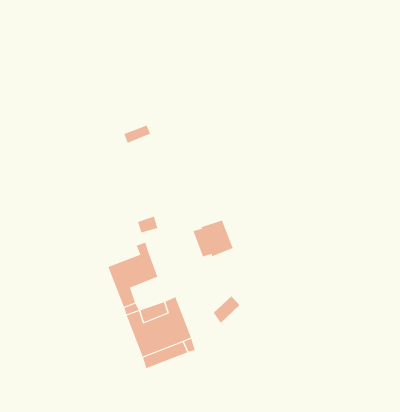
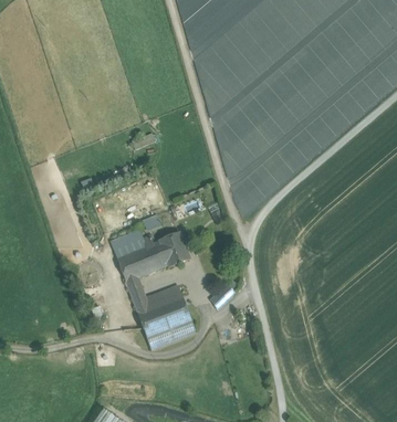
building: [193,220,234,257] -> [153,232,189,265]
building: none -> [109,228,145,256]

